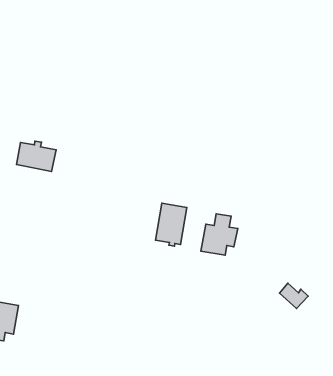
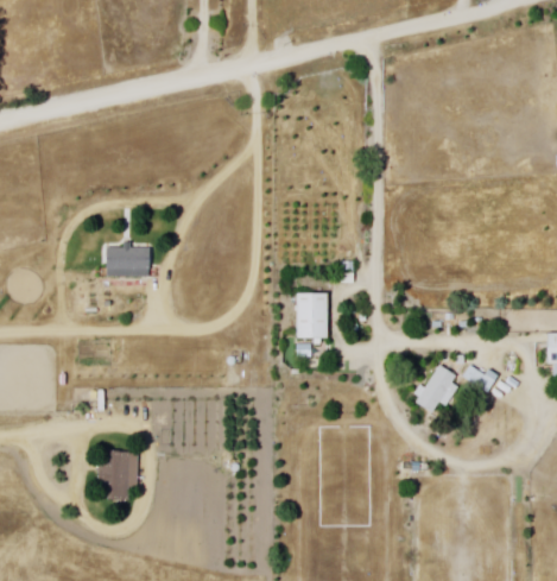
building: [201,214,238,255] -> none
building: none -> [414,366,458,413]

